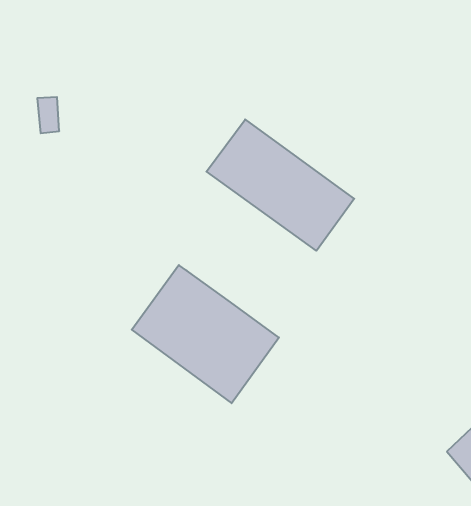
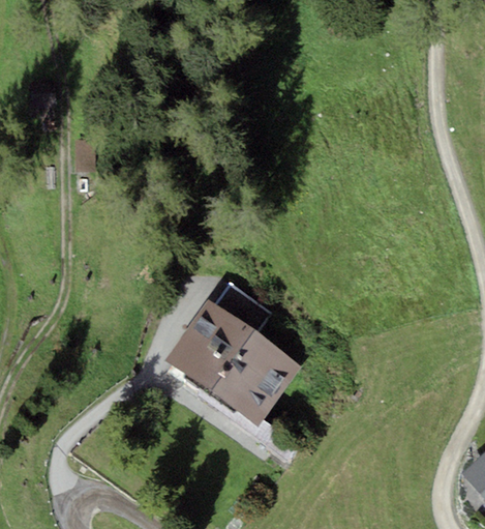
building: [206,119,354,251] -> none
building: none -> [213,282,269,332]

